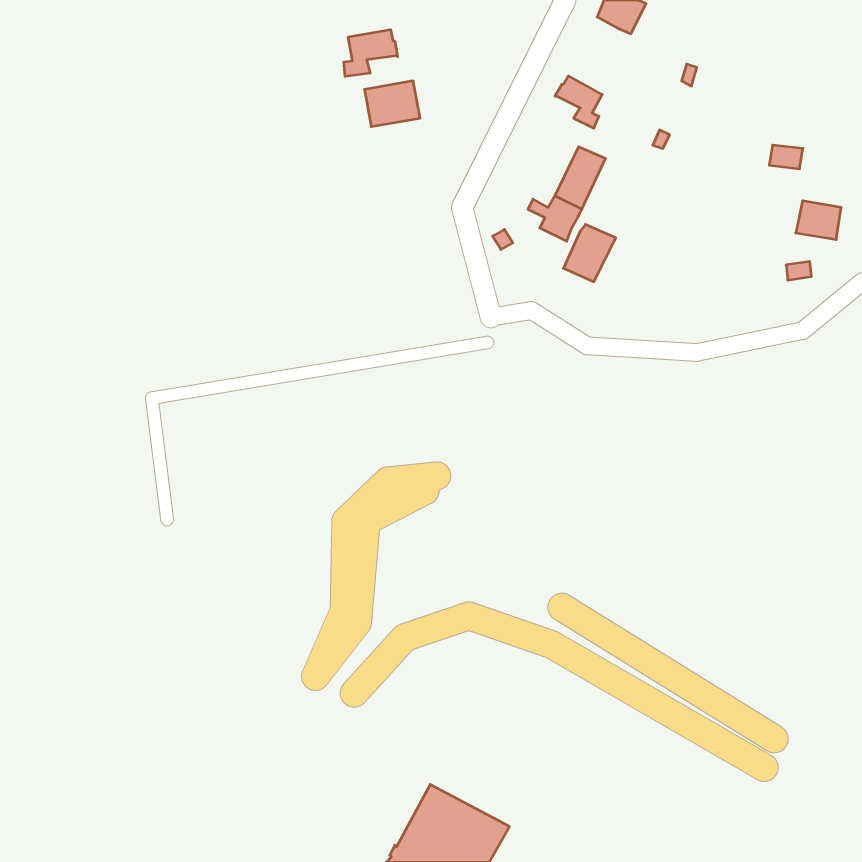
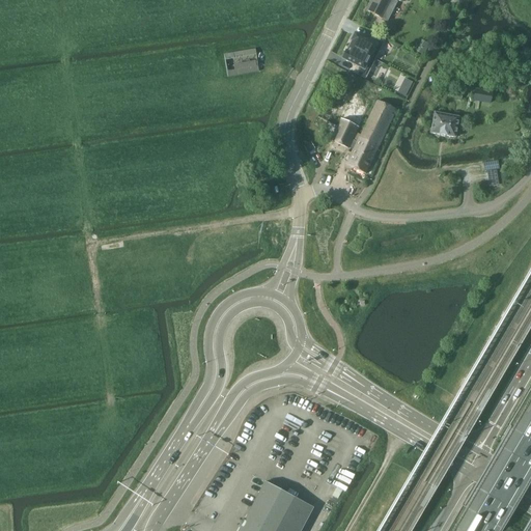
building: [344,30,398,76] -> none
building: none -> [350,34,385,58]
building: none -> [352,100,396,146]
building: [796,201,841,240] -> [430,113,458,137]

